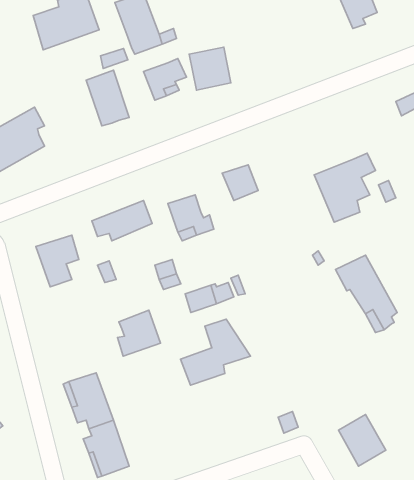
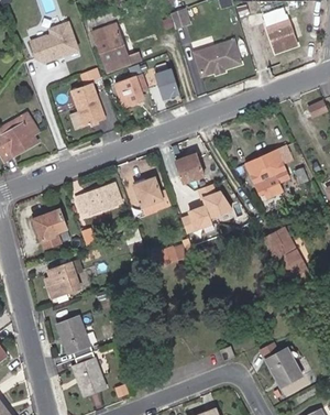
building: none -> [195,42,241,76]
building: [117,310,160,356] -> [46,262,79,297]
building: [180,319,251,385] -> [179,184,233,234]

